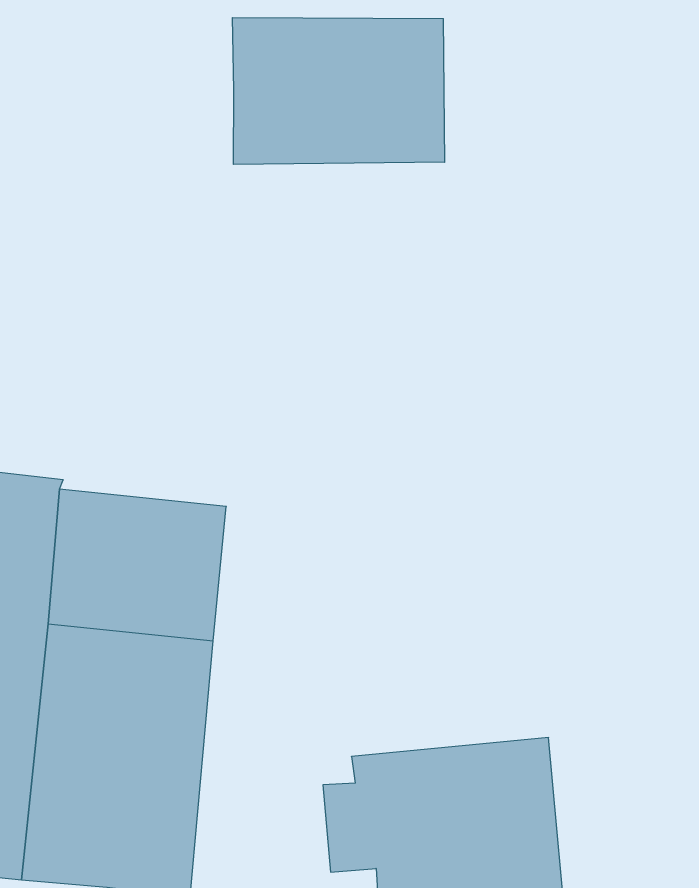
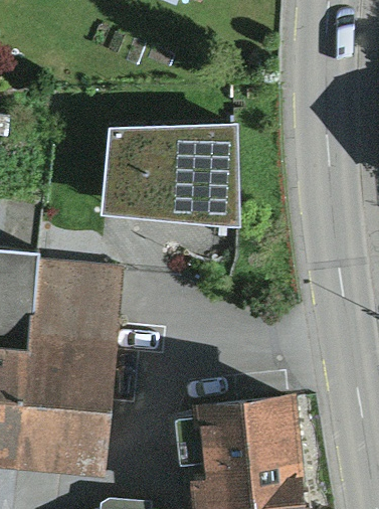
building: [232,18,445,164] -> none
building: none -> [102,127,241,231]

